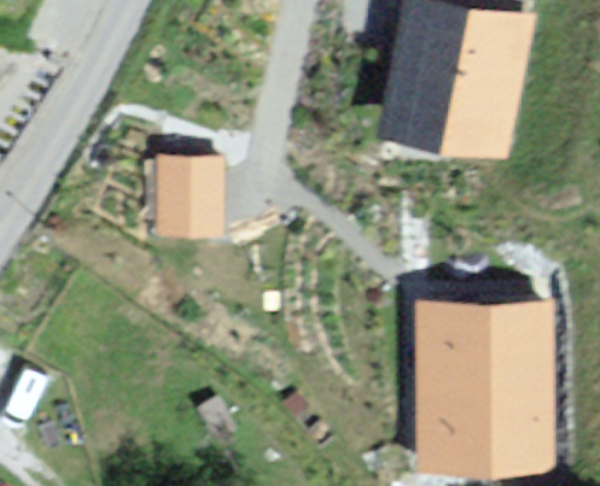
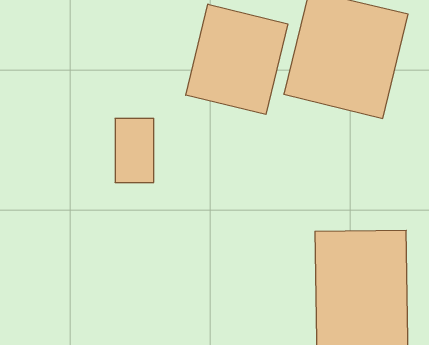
building: none -> [186,4,288,114]

